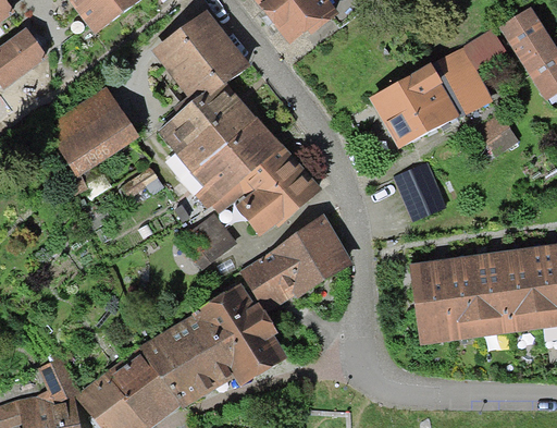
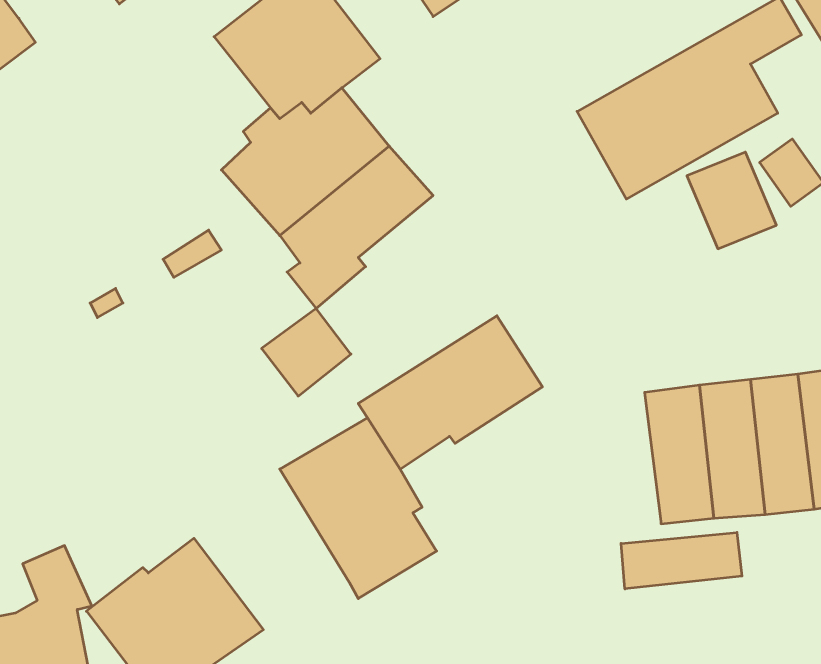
building: [47,88,138,178] -> none
building: [236,147,321,236] -> none
building: [394,162,447,220] -> [687,152,776,249]
building: [137,310,234,408] -> none
building: none -> [621,532,742,589]

